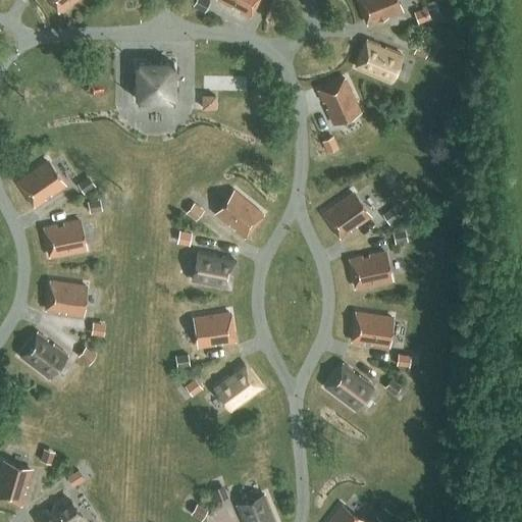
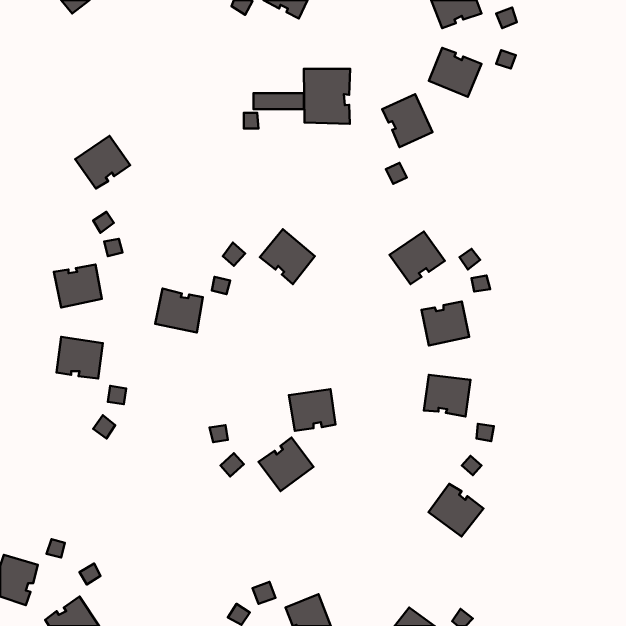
building: none -> [304,69,350,124]
building: [137,62,174,100] -> none
building: [18,161,64,205] -> [75,136,130,189]
building: [194,251,233,288] -> [155,288,203,333]
building: [195,312,233,347] -> [289,389,335,431]
building: [20,332,66,377] -> none
building: [326,364,372,408] -> [428,484,484,537]

